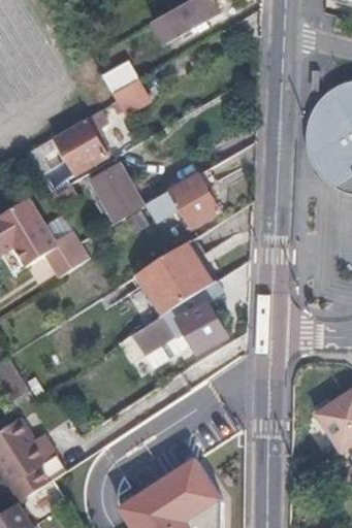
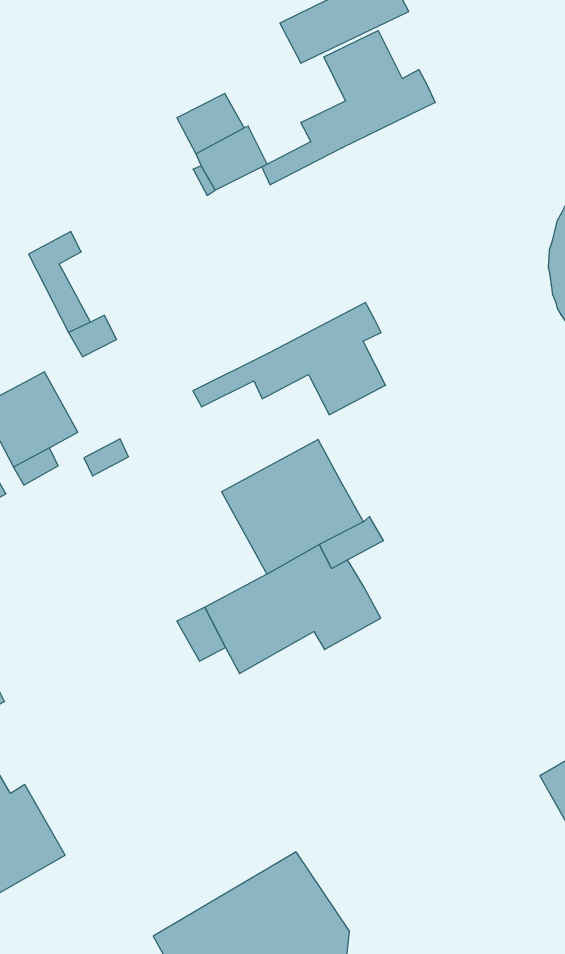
building: none -> [262,31,435,185]
building: [54,108,109,174] -> none
building: [90,162,158,223] -> none

